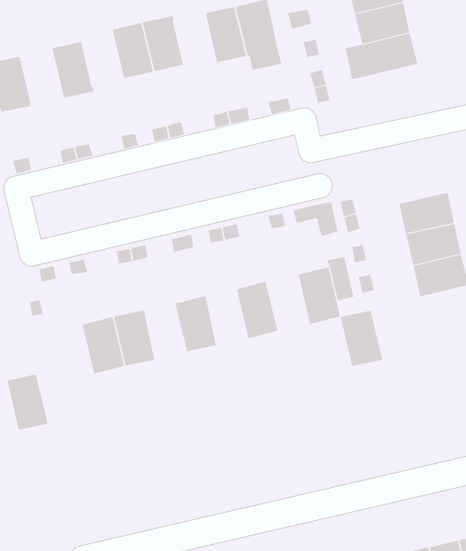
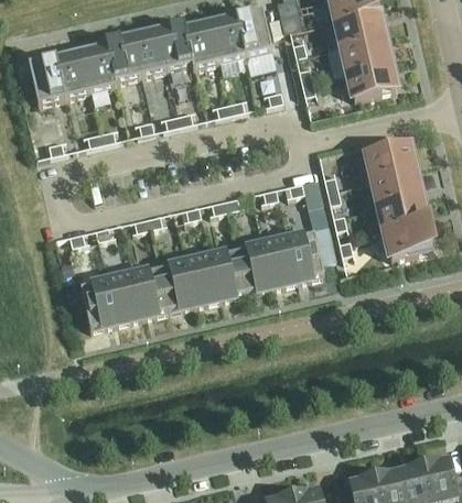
building: none -> [183,18,219,66]
building: none -> [104,32,141,79]
building: none -> [54,47,90,96]
building: none -> [347,61,395,97]
building: none -> [366,142,415,178]
building: none -> [211,250,246,297]
building: none -> [159,262,194,309]
building: [340,310,383,367] -> [261,238,298,285]
building: [6,374,48,430] -> [80,280,116,327]

